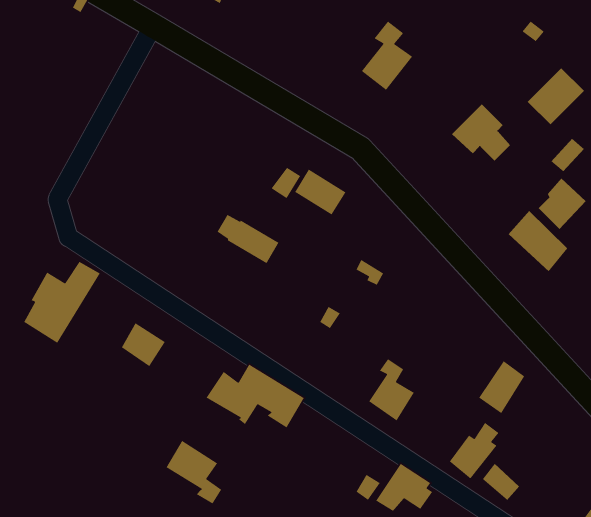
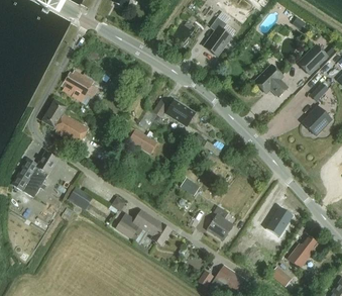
building: none -> [61,70,98,101]
building: none -> [42,100,88,146]
building: [508,210,568,272] -> none
building: [449,422,499,480] -> [288,236,316,269]
building: [166,440,222,505] -> none

